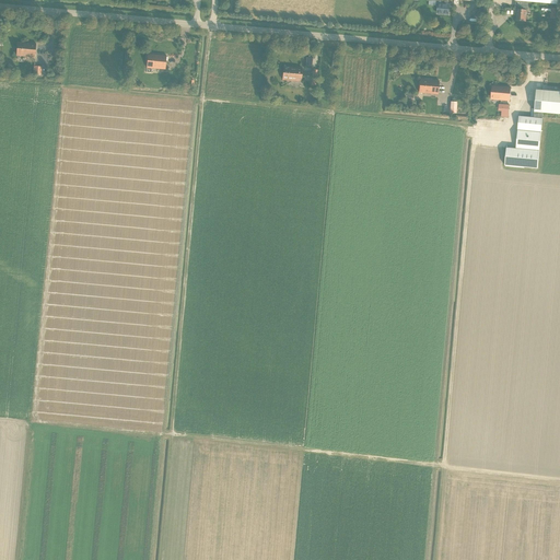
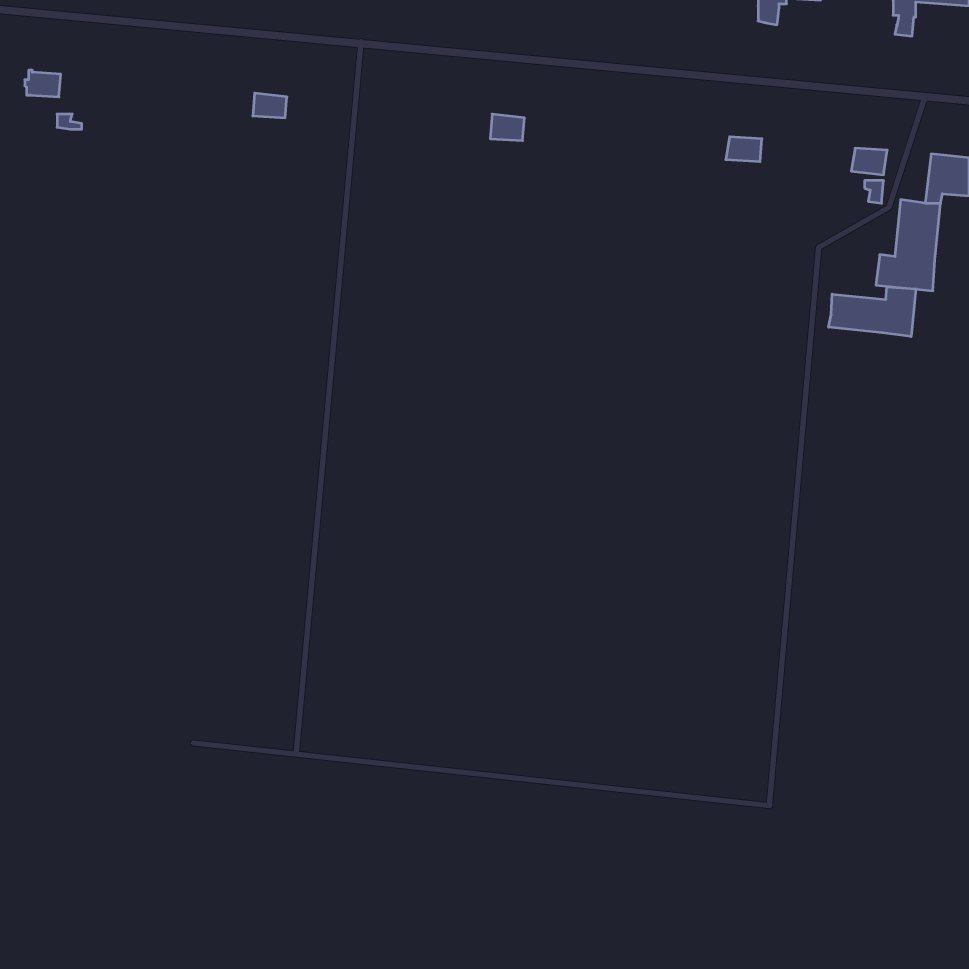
building: none -> [829,287,916,337]

